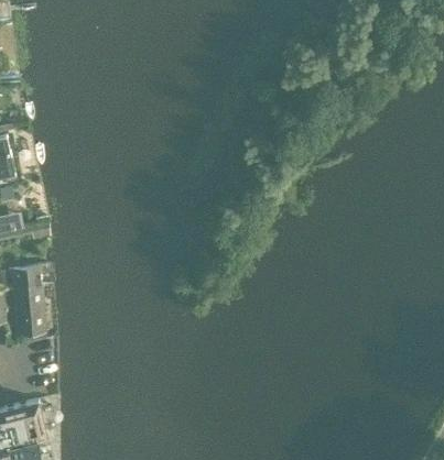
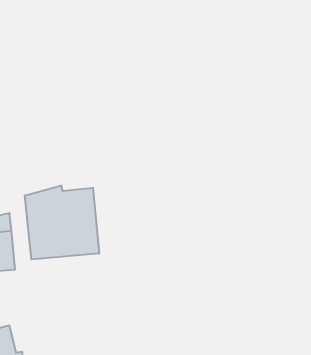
building: none -> [25,185,99,260]

